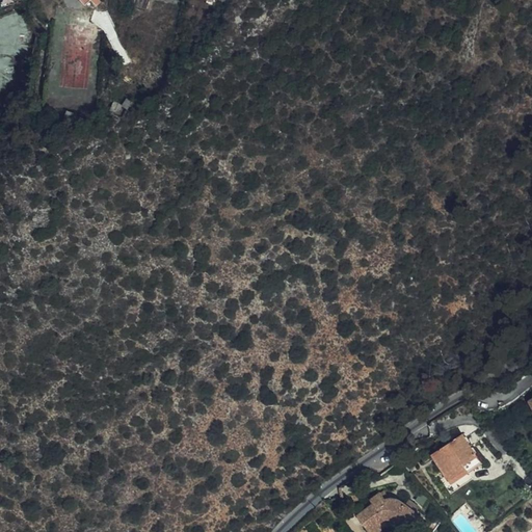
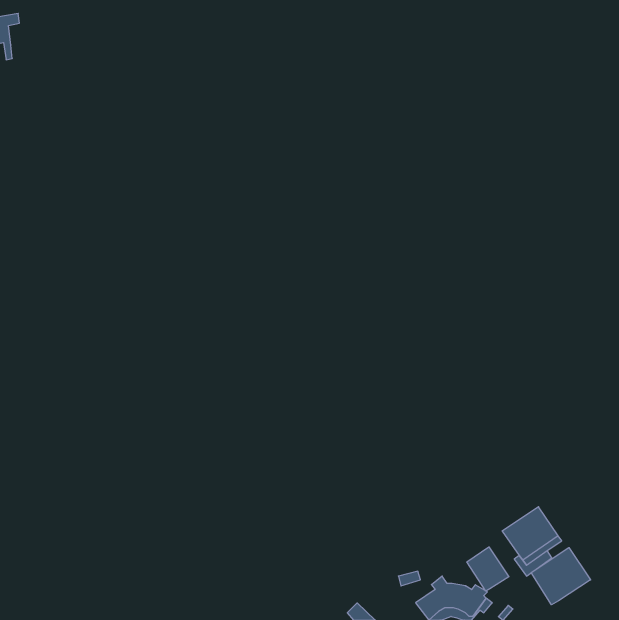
building: none -> [467,547,509,591]
building: none -> [531,548,591,605]

